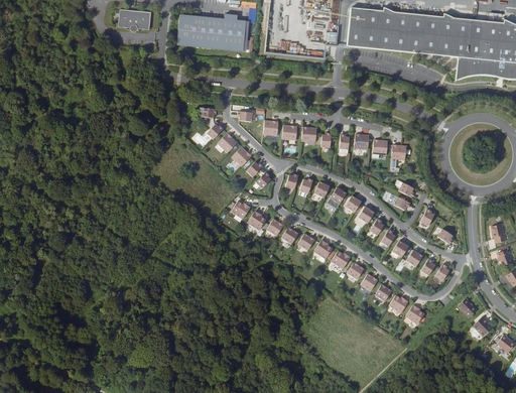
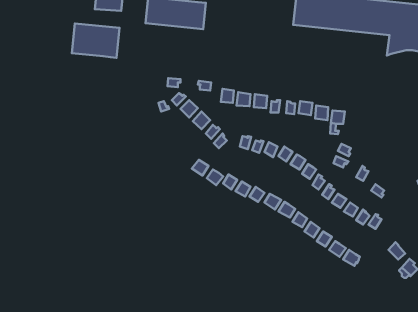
building: none -> [72,23,120,58]

